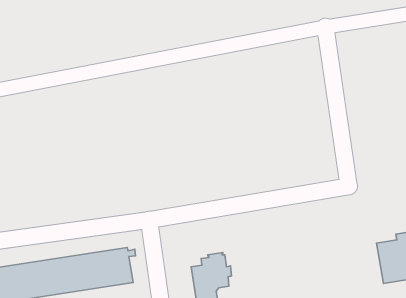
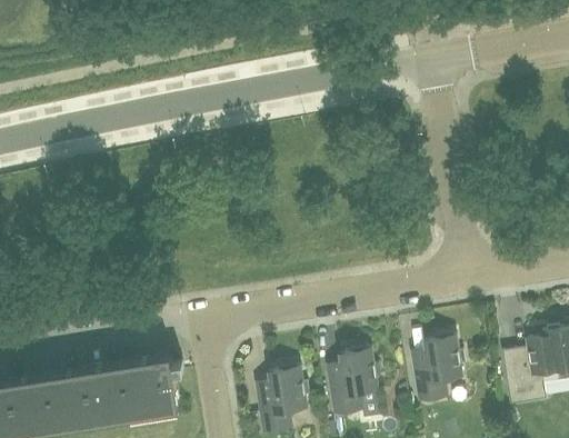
building: none -> [411,335,465,402]
building: none -> [327,348,380,416]

